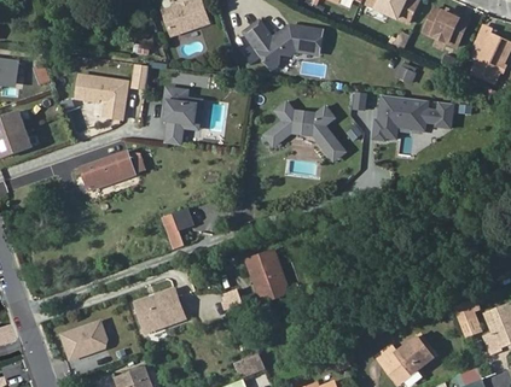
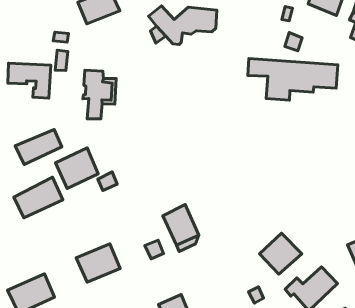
building: [261,101,342,159] -> none
building: none -> [55,148,98,188]
building: none -> [14,177,63,218]
building: none -> [259,233,302,274]

